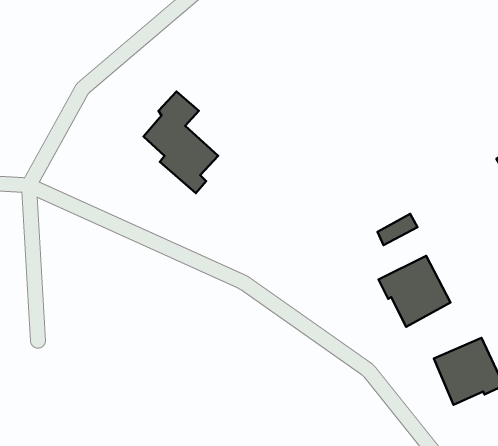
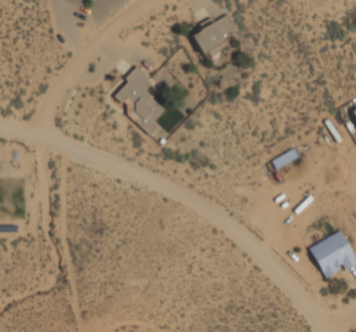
building: none -> [193,15,235,53]
building: [378,256,451,327] -> none

